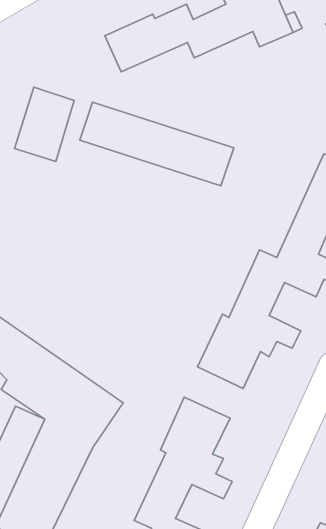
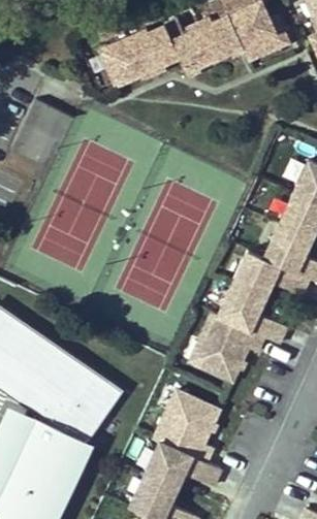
building: [80,102,234,186] -> none

